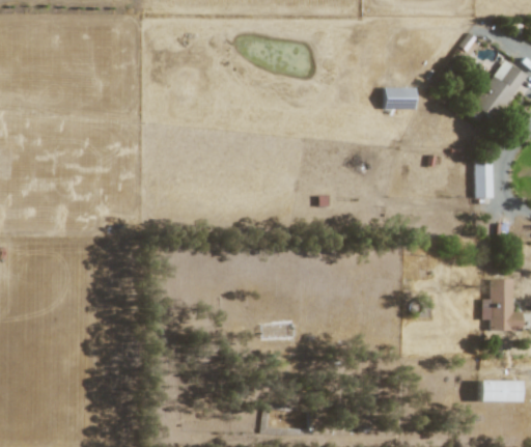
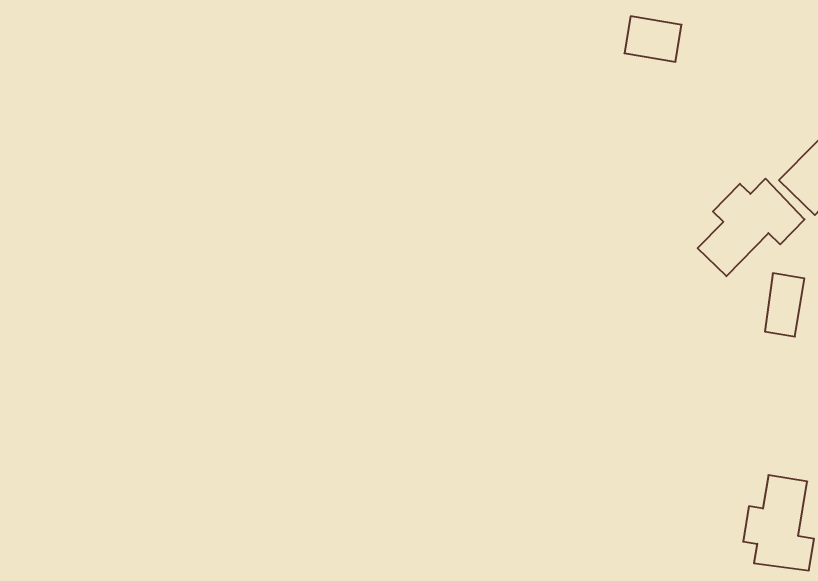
building: [386,87,416,109] -> [624,16,682,62]
building: none -> [698,179,805,276]

